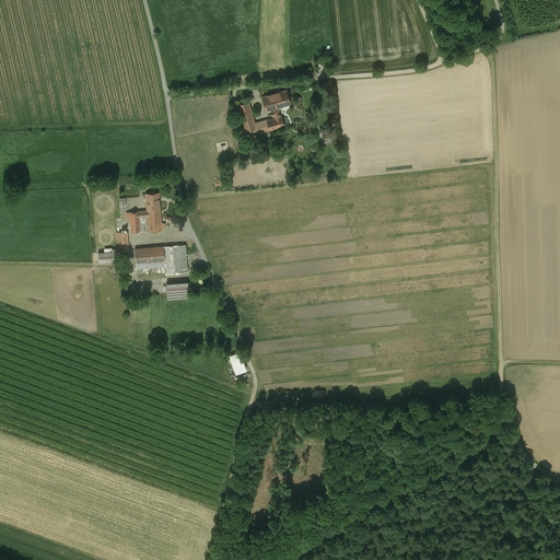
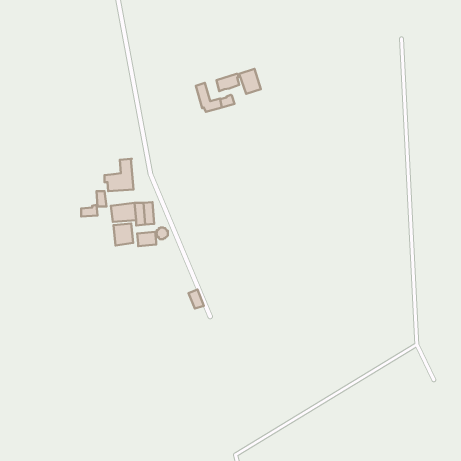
building: none -> [239,69,261,94]
building: none -> [113,223,133,245]

